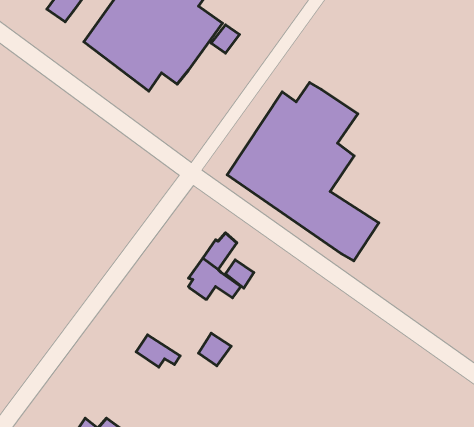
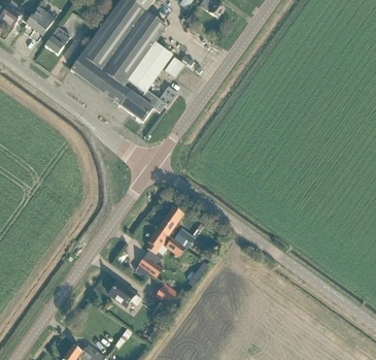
building: none -> [118,89,159,121]
building: [227,82,379,261] -> none
building: none -> [134,248,162,276]

